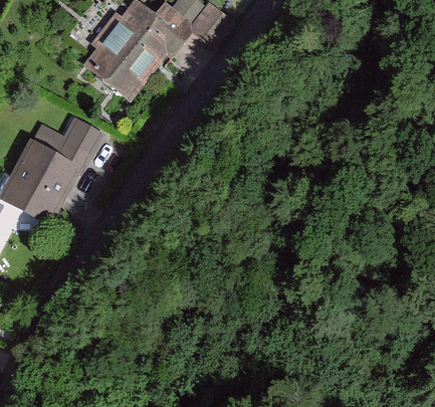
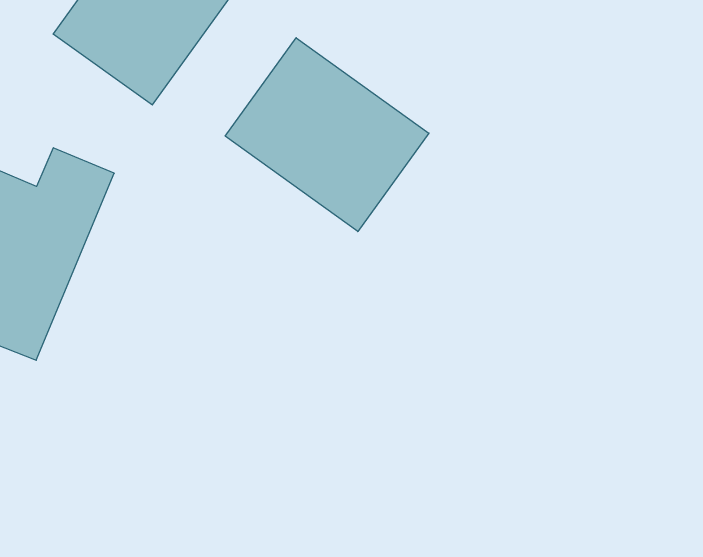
building: none -> [225,38,429,232]

